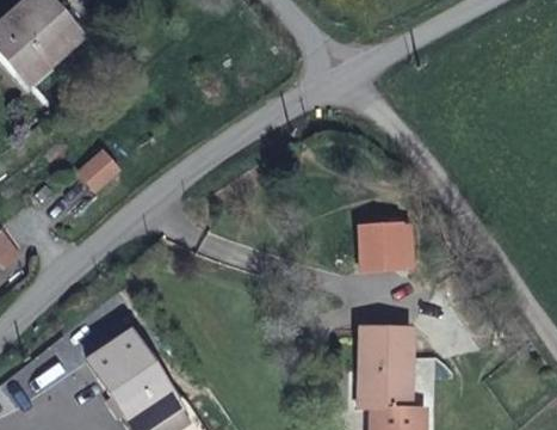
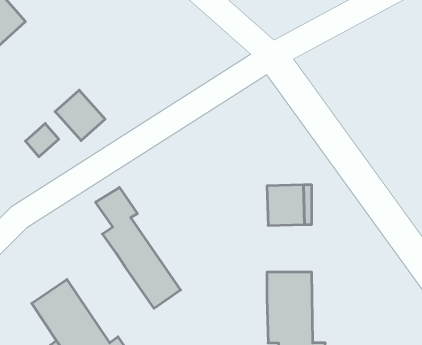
building: none -> [55,90,105,141]
building: none -> [96,187,181,308]

